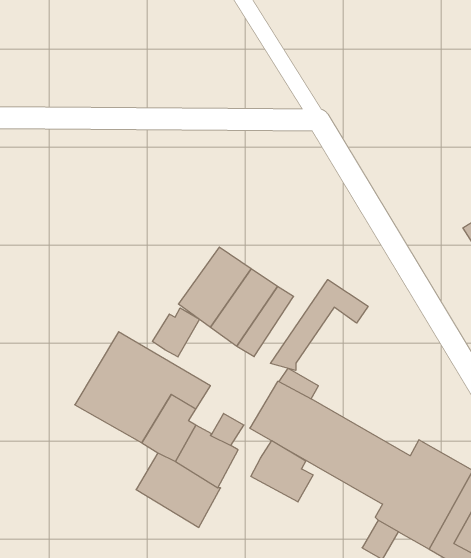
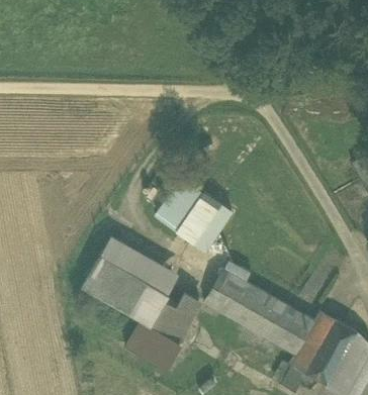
building: [270,280,368,370] -> none
building: [152,308,199,357] -> none
building: [251,441,313,502] -> none

